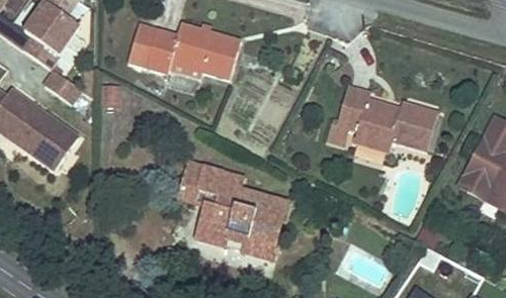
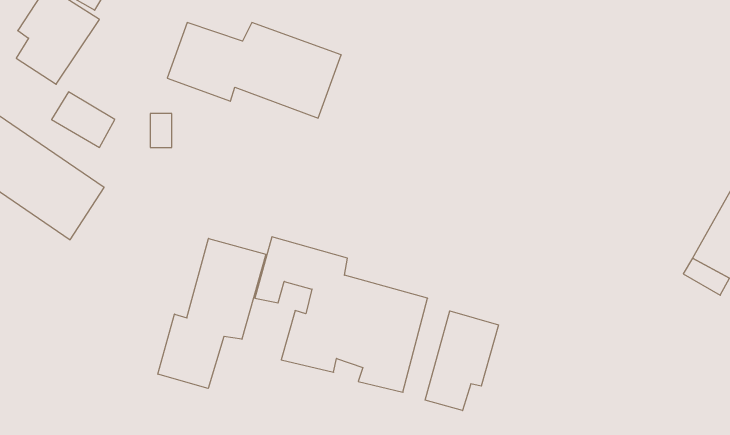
building: [321,90,435,159] -> none
building: none -> [158,238,266,388]
building: none -> [425,311,498,411]

